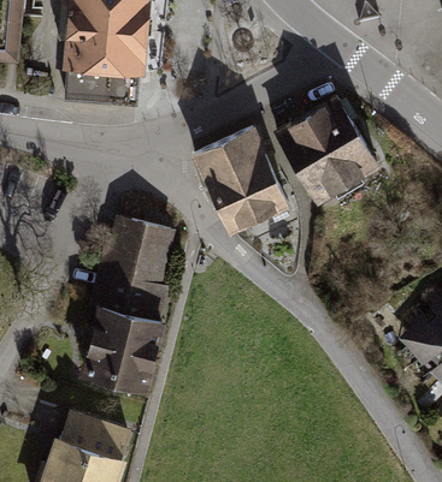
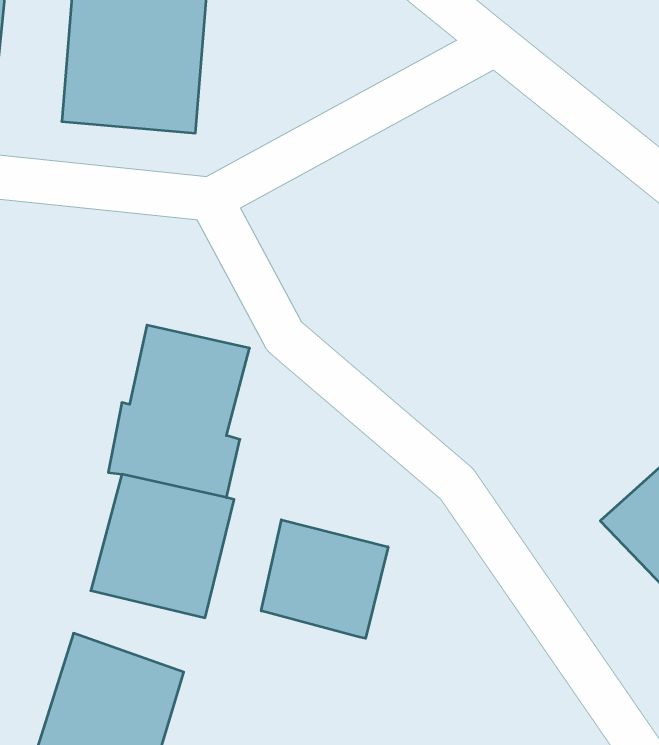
building: [278,88,373,188] -> none
building: [187,114,287,227] -> none
building: none -> [261,520,388,638]

